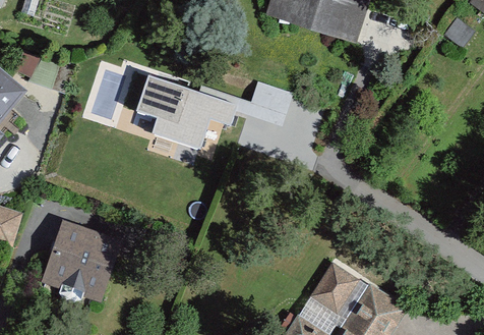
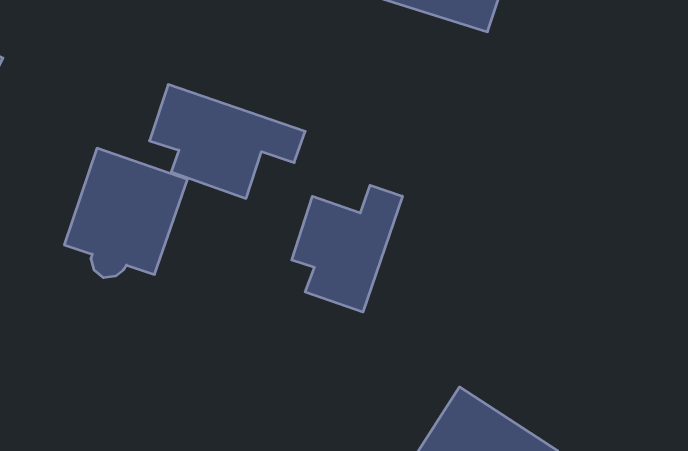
building: none -> [292,185,402,312]
building: [42,221,122,305] -> [64,148,187,278]

